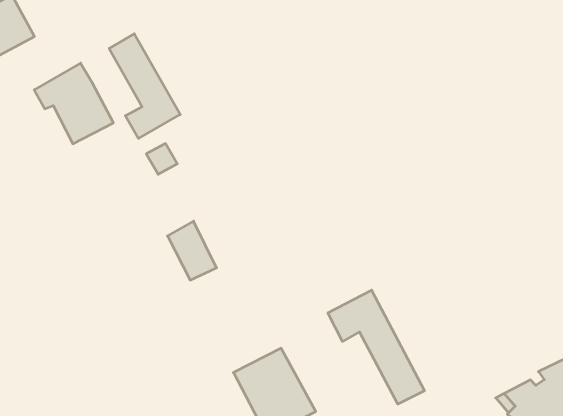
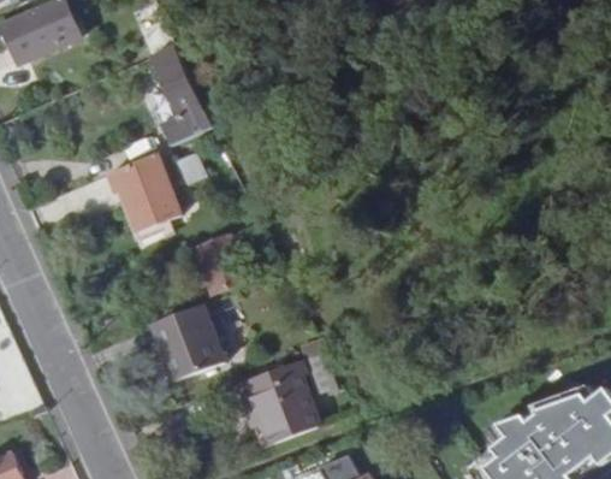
building: [34,63,113,144] -> [108,152,182,229]
building: [328,290,424,404] -> none
building: none -> [154,297,229,375]

